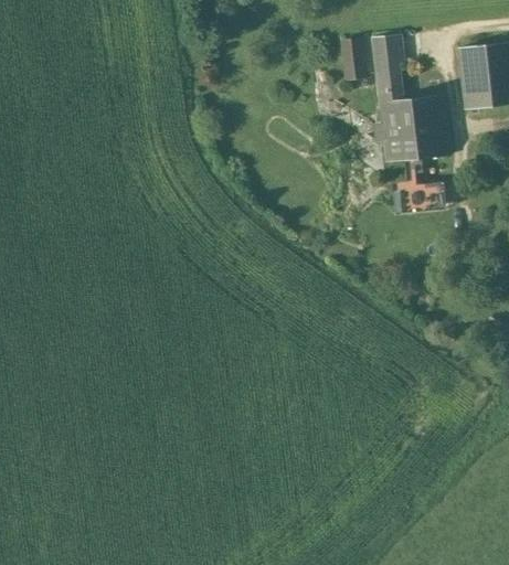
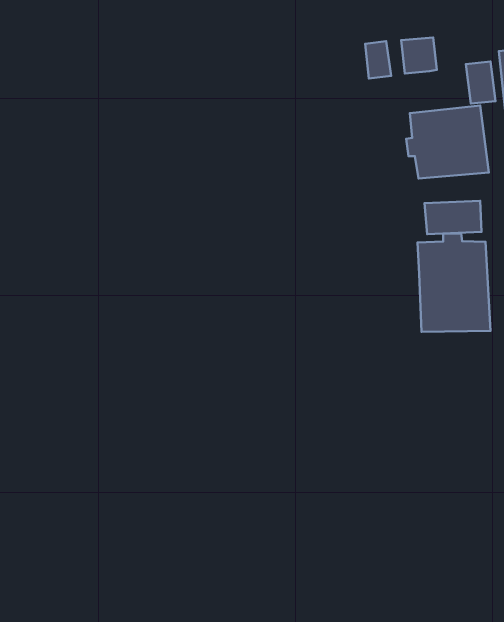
building: [374,65,401,103] -> [466,62,496,104]
building: none -> [418,233,491,332]

